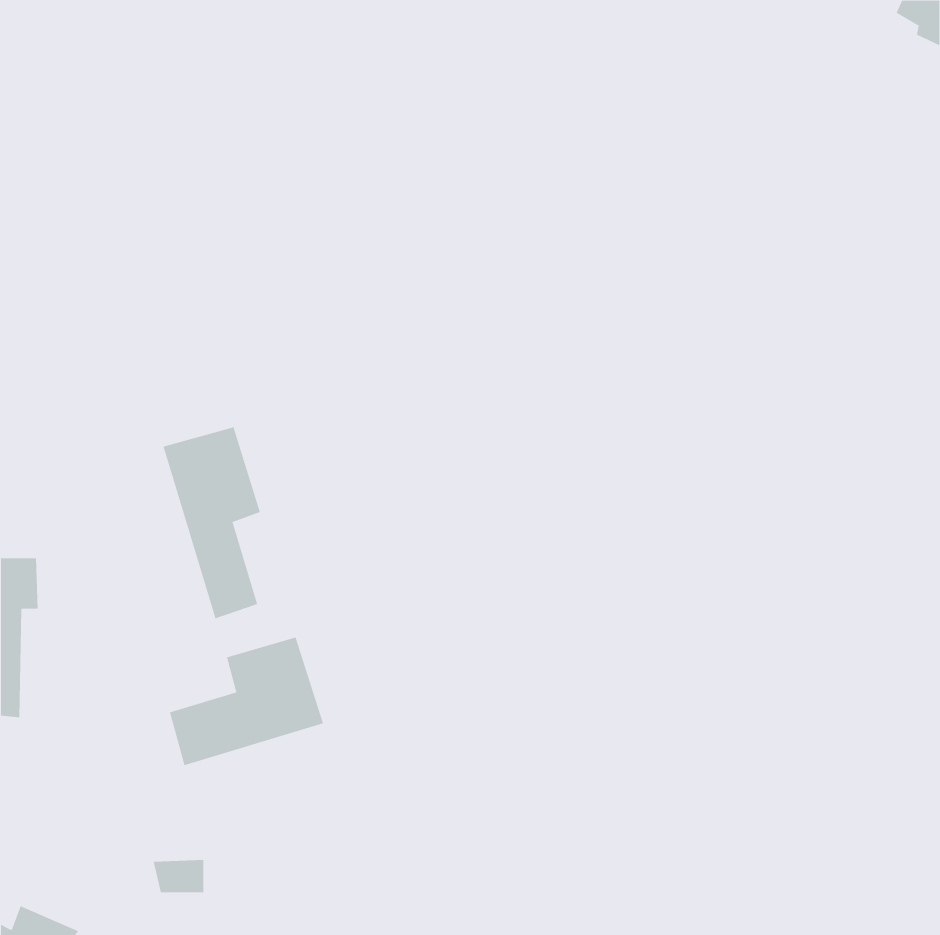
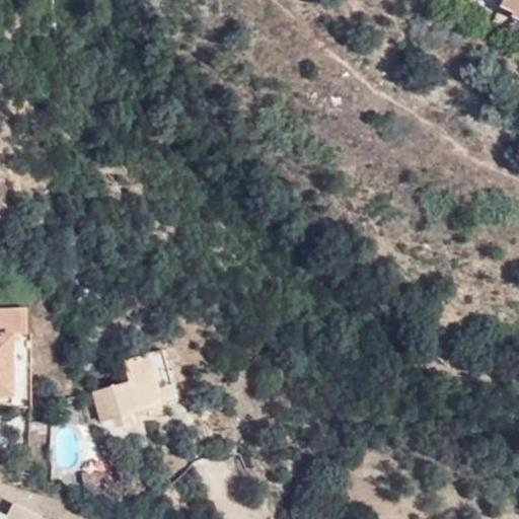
building: [163,426,261,619] -> none

